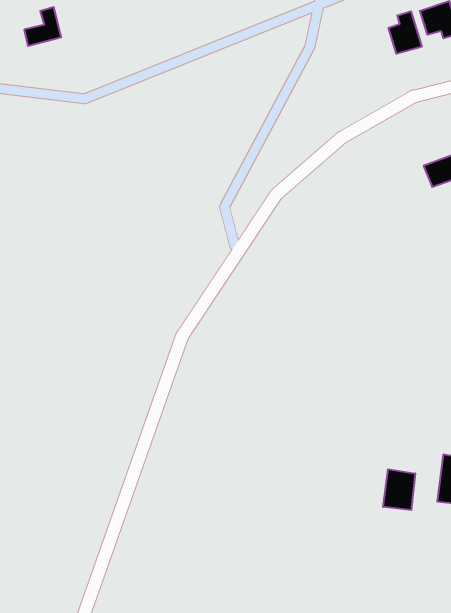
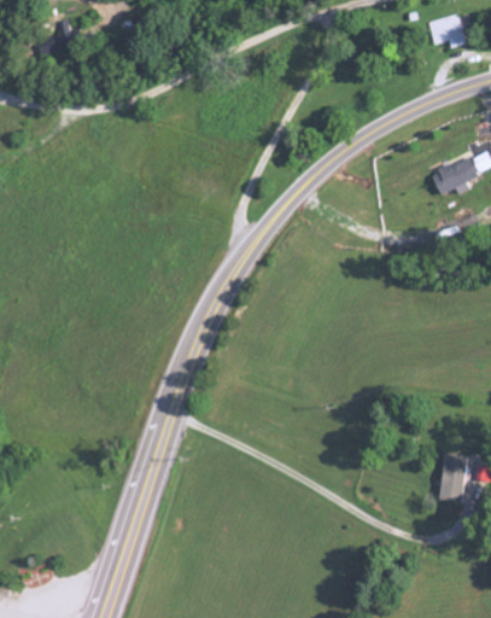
building: [389,11,422,54] -> none
building: [383,469,415,510] -> none

